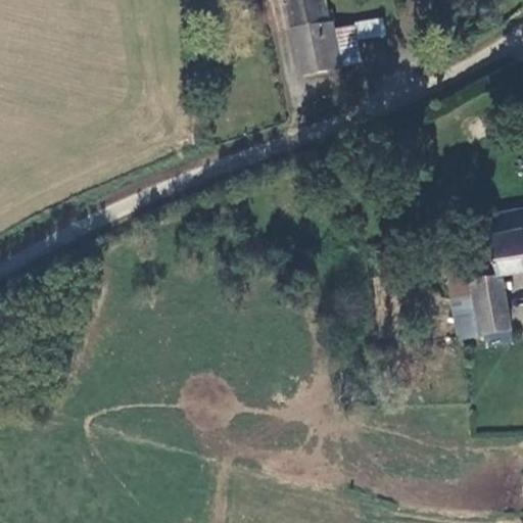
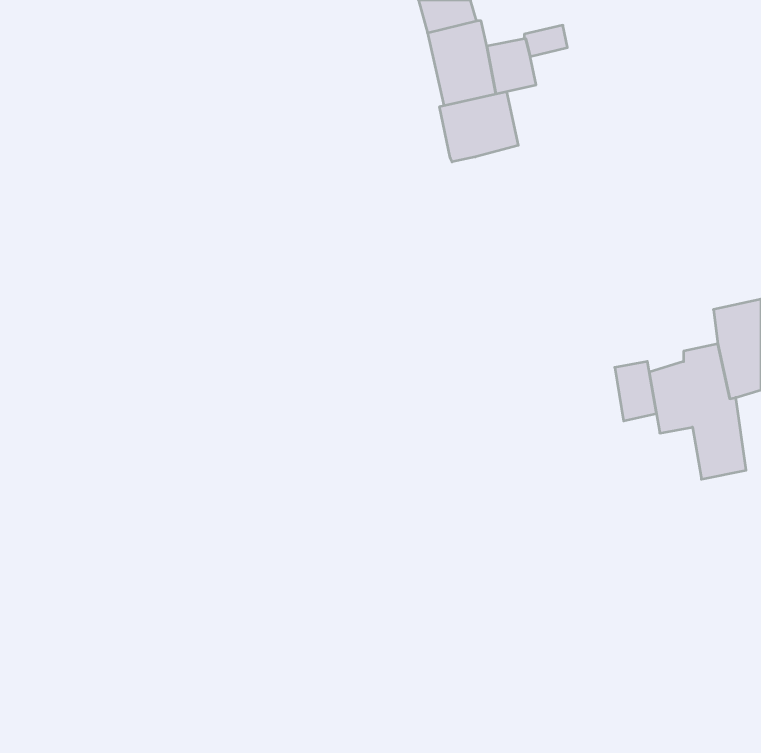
building: none -> [440,92,518,162]
building: [453,298,481,339] -> [615,361,656,421]

